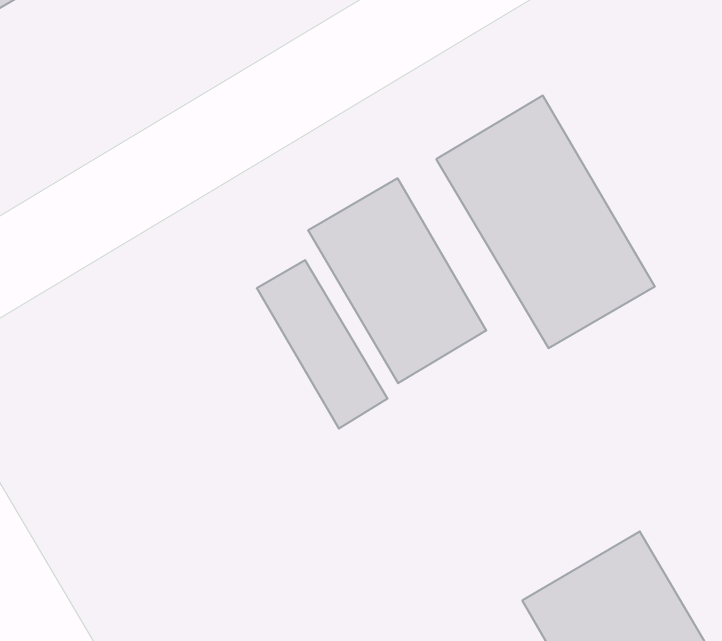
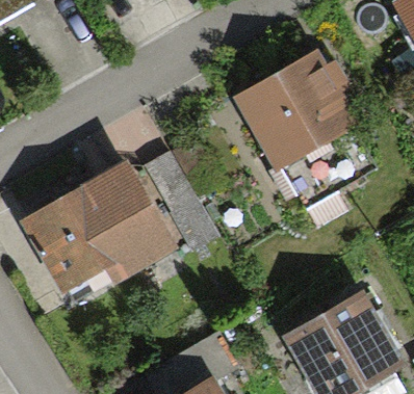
building: [308,178,486,383] -> none
building: none -> [26,163,169,298]

